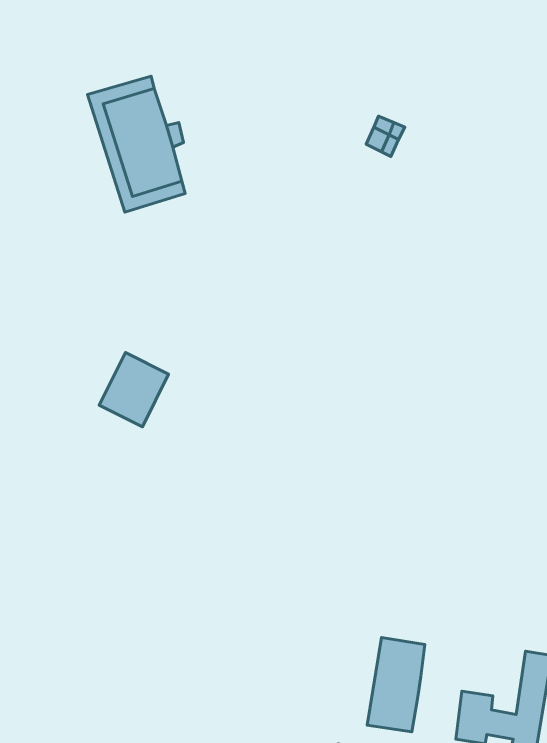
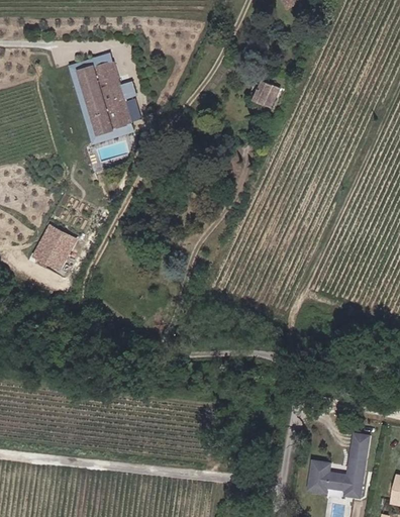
building: [99,353,169,427] -> [33,221,79,270]
building: [367,638,425,732] -> none

